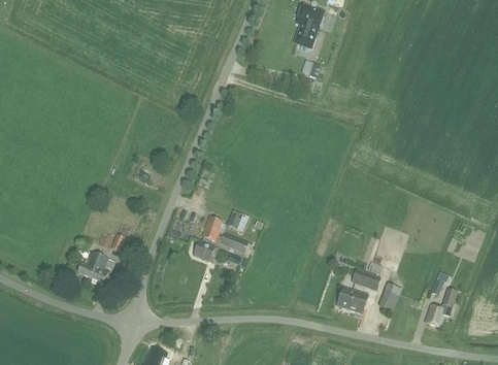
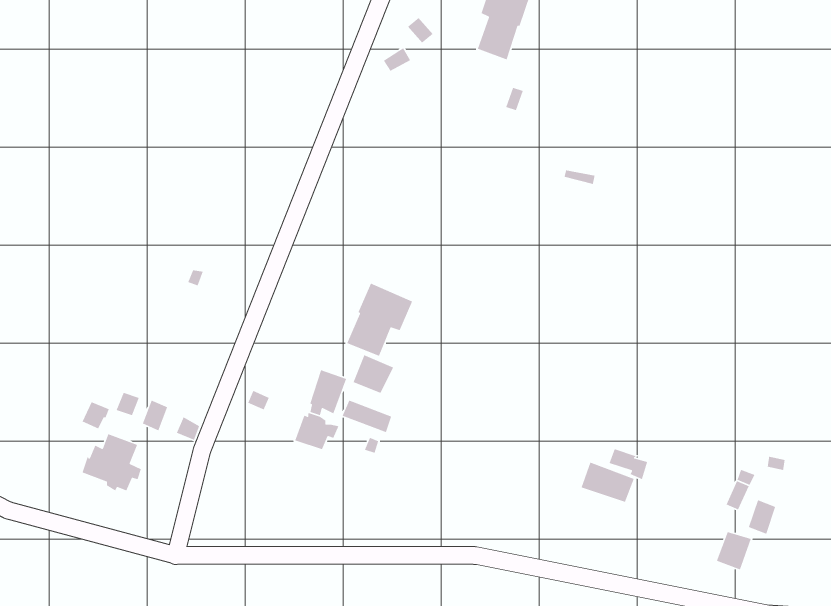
building: none -> [346,283,413,357]
building: [377,283,401,310] -> none
building: [337,287,368,313] -> none

